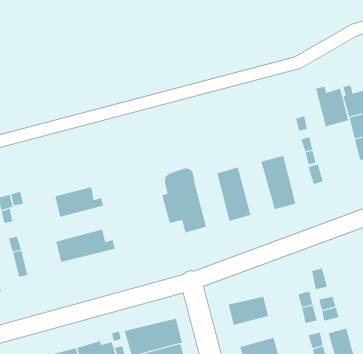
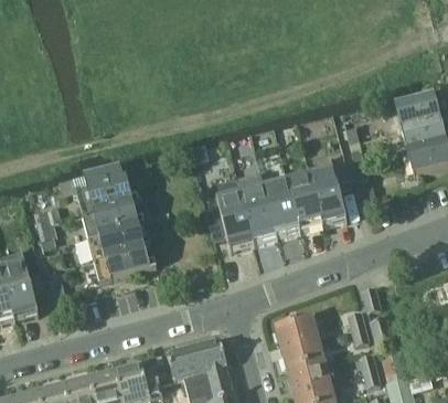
building: [316,86,349,127] -> none
building: none -> [73,163,139,213]
building: none -> [286,173,323,230]
building: none -> [239,185,276,242]
building: none -> [88,220,151,257]
building: none -> [280,336,323,368]

